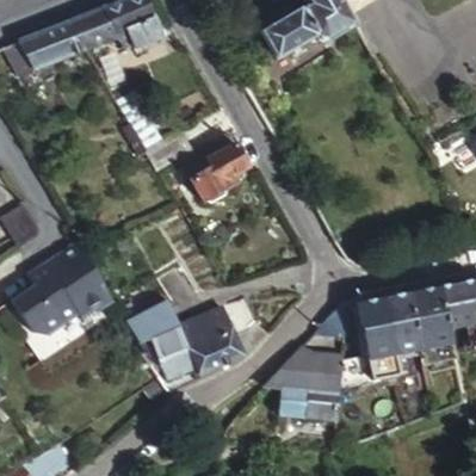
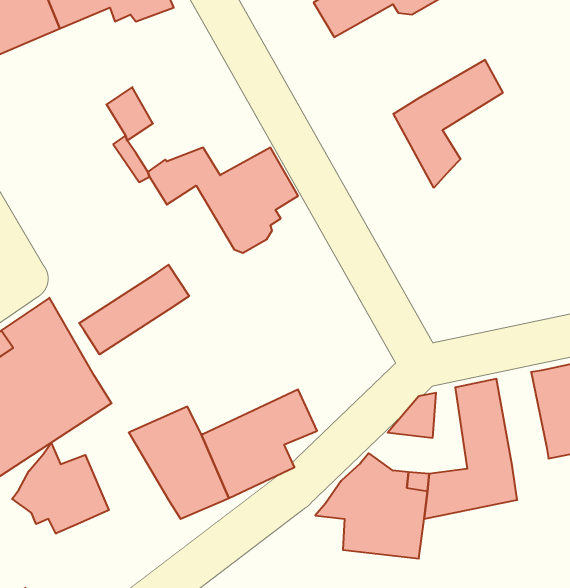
building: none -> [393,60,503,188]
building: none -> [79,265,189,354]
building: [387,289,422,353] -> none
building: none -> [12,443,109,534]

